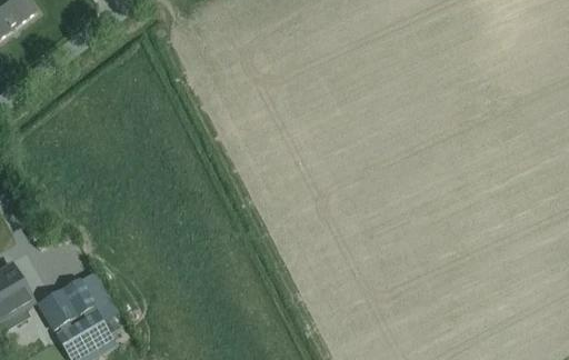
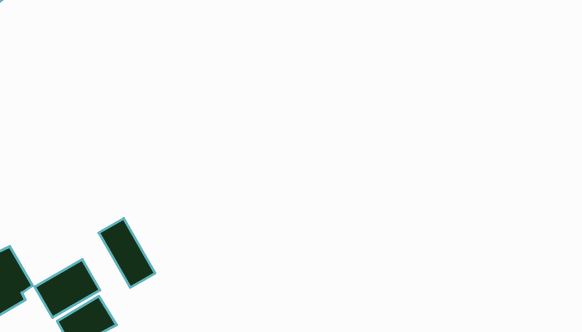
building: none -> [99,218,155,287]

